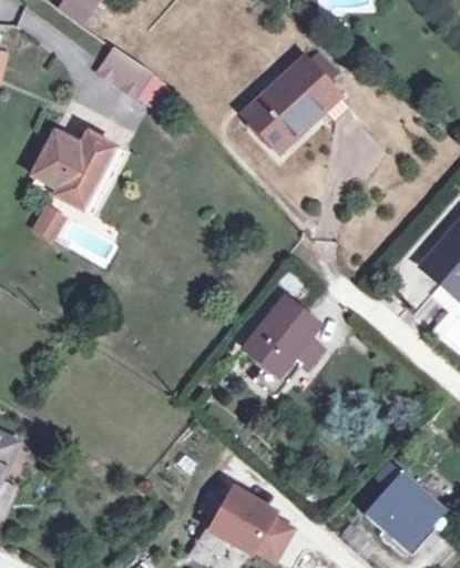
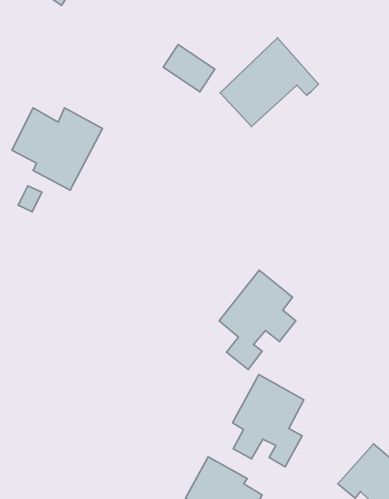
building: [99,45,152,94] -> [163,44,215,92]
building: none -> [232,375,304,467]

